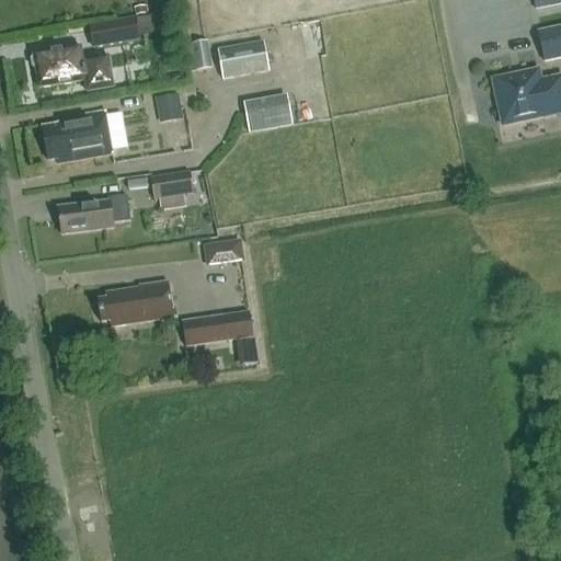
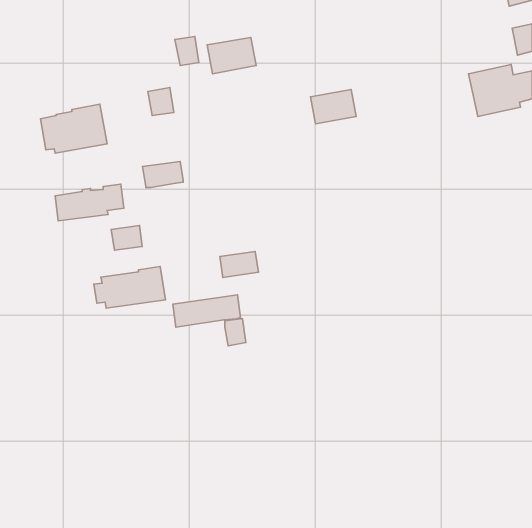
building: [90,16,138,45] -> none
building: [31,45,115,91] -> none
building: [244,94,293,130] -> [310,89,356,124]
building: none -> [111,226,142,250]
building: [204,238,244,265] -> [220,251,258,277]

